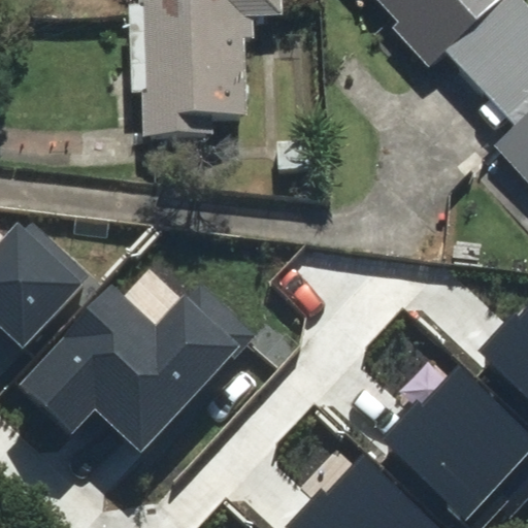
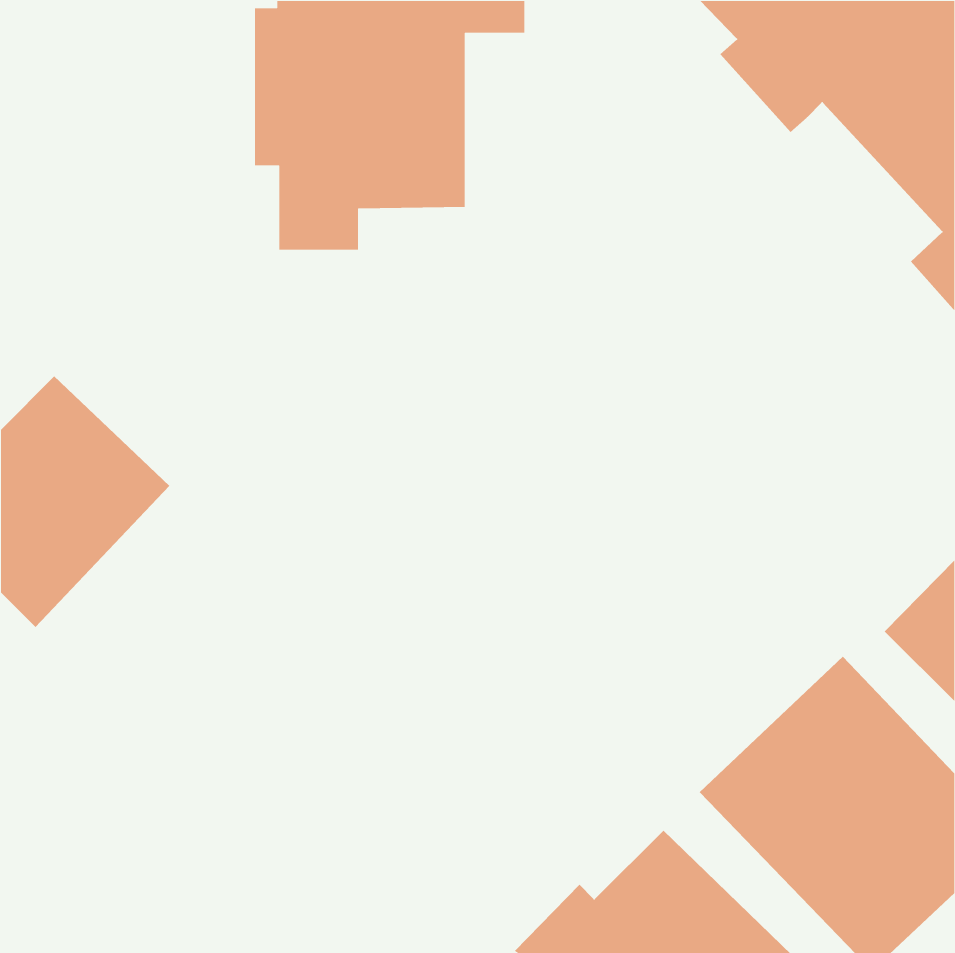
building: [16,280,250,451] -> none

